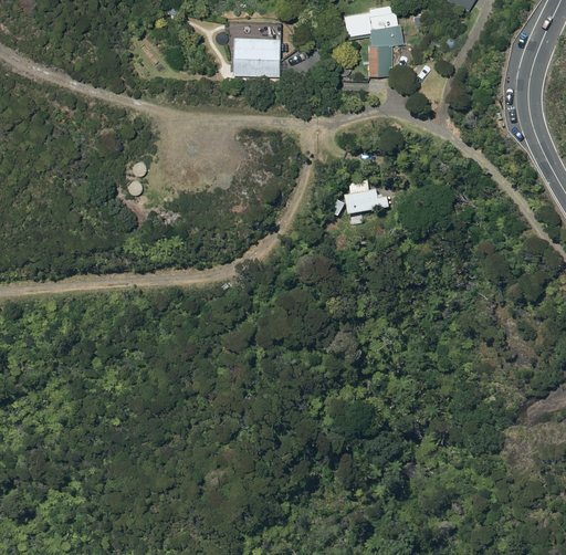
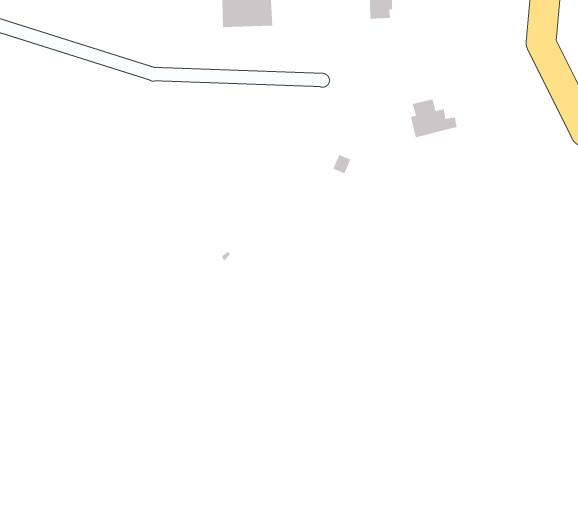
building: [345,180,388,216] -> [410,99,457,138]

